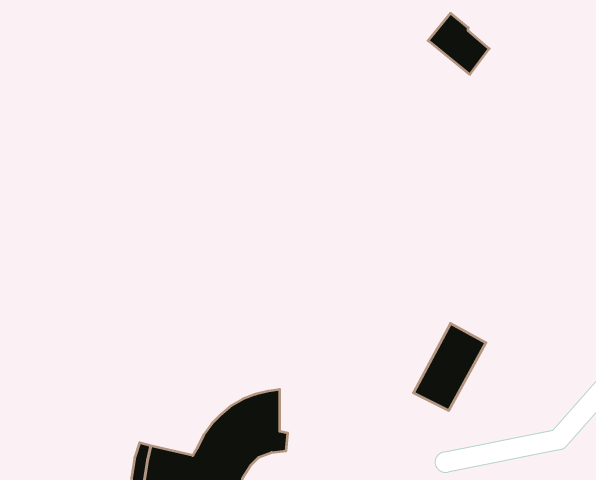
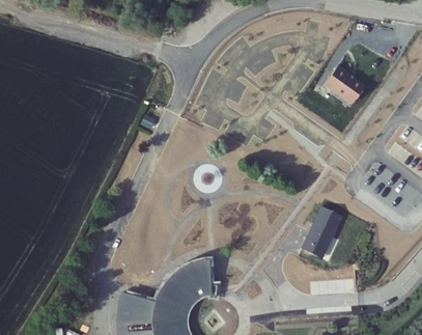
building: [428,13,489,74] -> [320,66,360,106]

